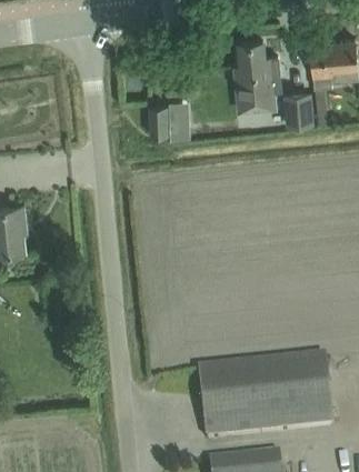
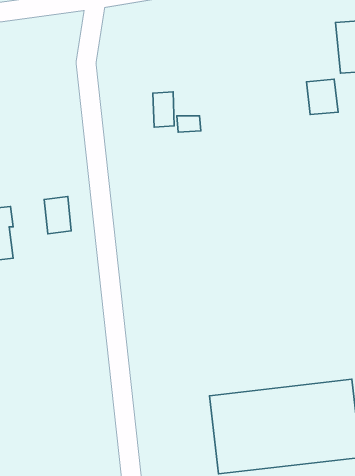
building: [236,40,281,110] -> none
building: none -> [44,197,71,234]

